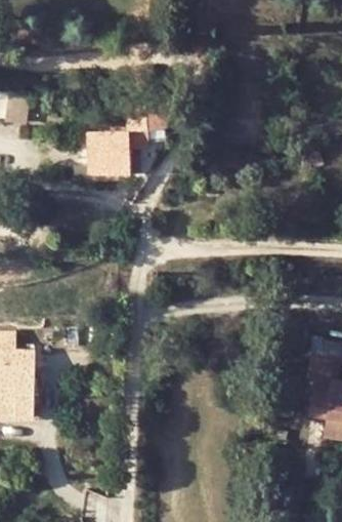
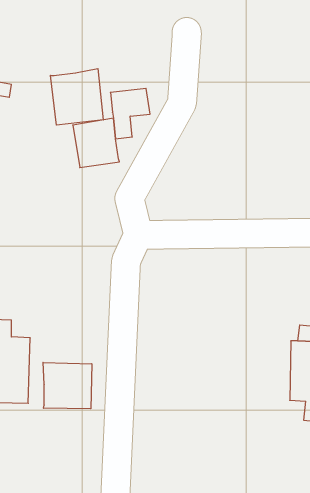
building: none -> [50,69,103,125]
building: none -> [43,362,92,409]

